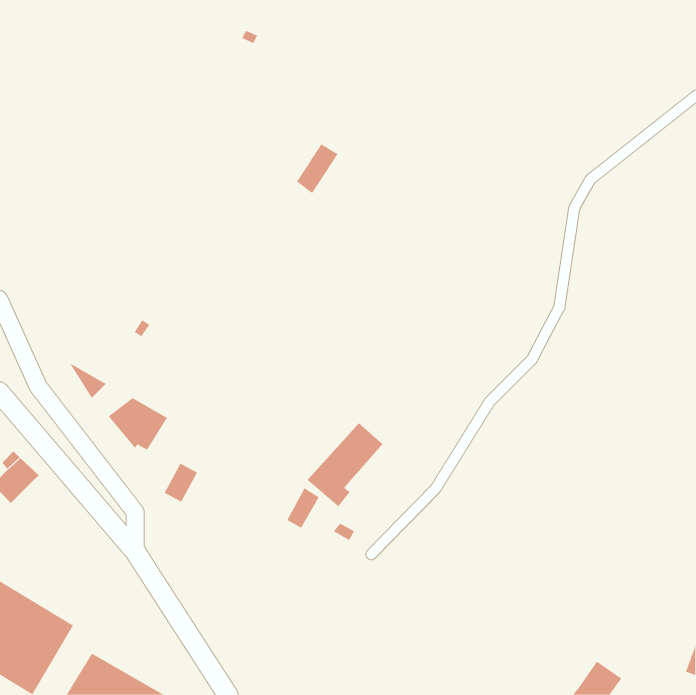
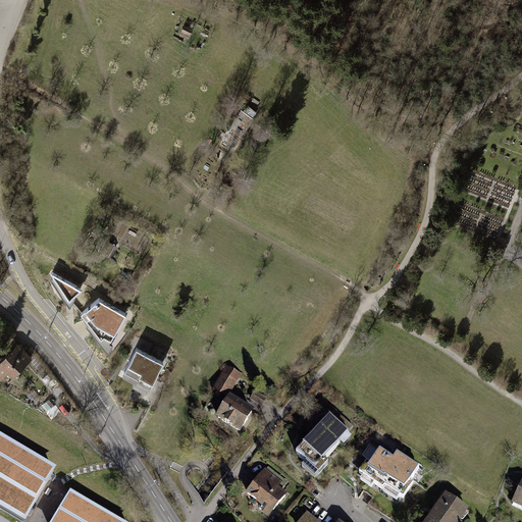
building: [307,422,383,507] -> [295,409,352,472]
building: none -> [134,353,162,385]
building: none -> [217,396,251,429]
building: none -> [366,450,413,492]
building: none -> [246,469,284,508]

